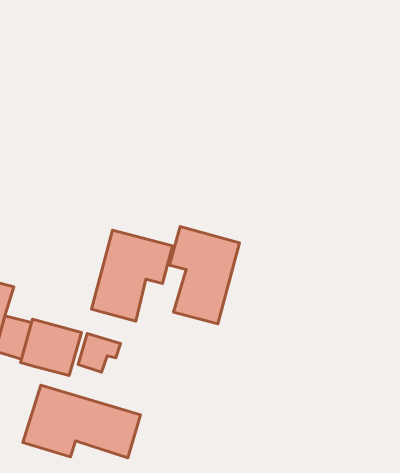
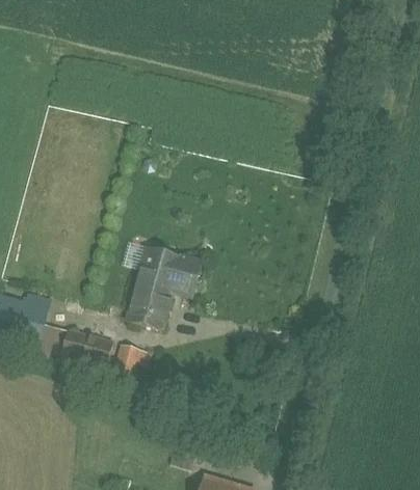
building: [170,227,240,324] -> none
building: [23,385,140,458] -> none

